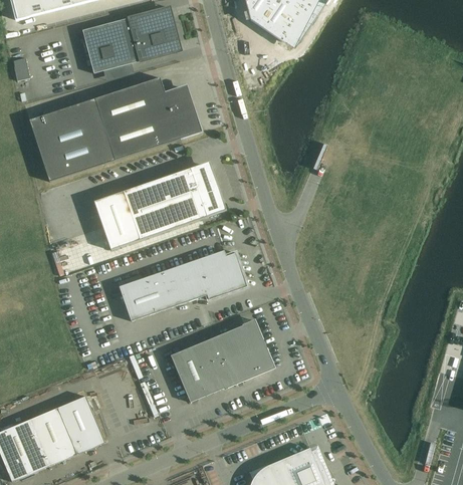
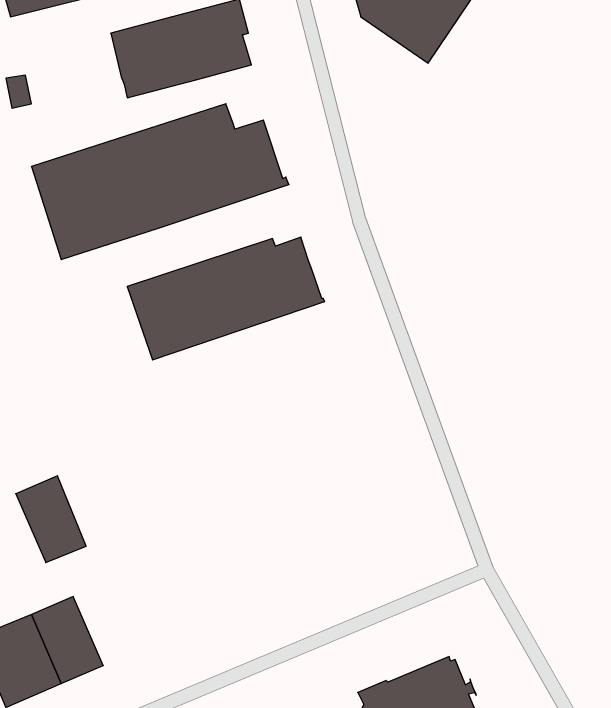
building: [119,249,247,320] -> none
building: [170,319,273,401] -> none
building: [57,395,104,453] -> [16,476,86,563]

